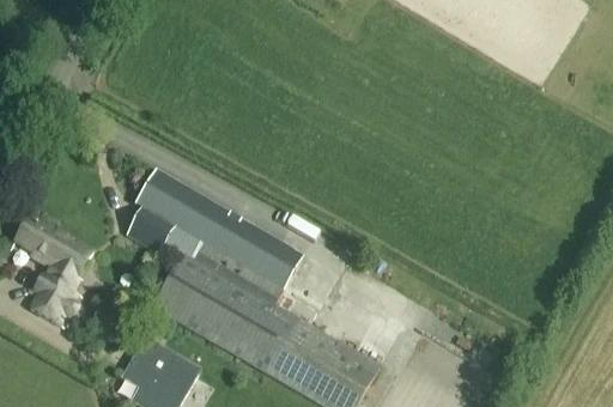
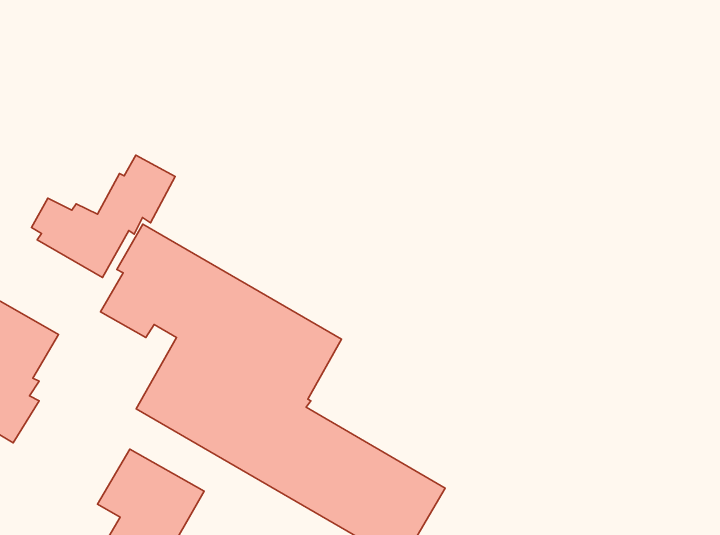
building: none -> [31,155,175,278]

